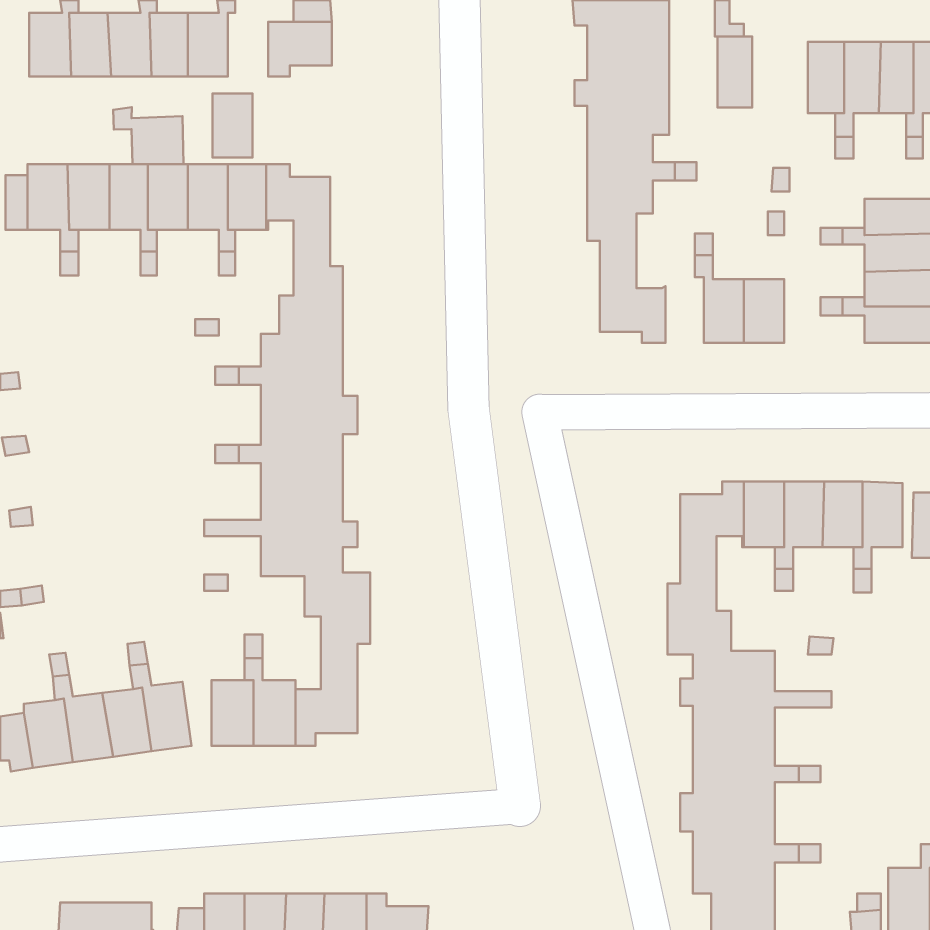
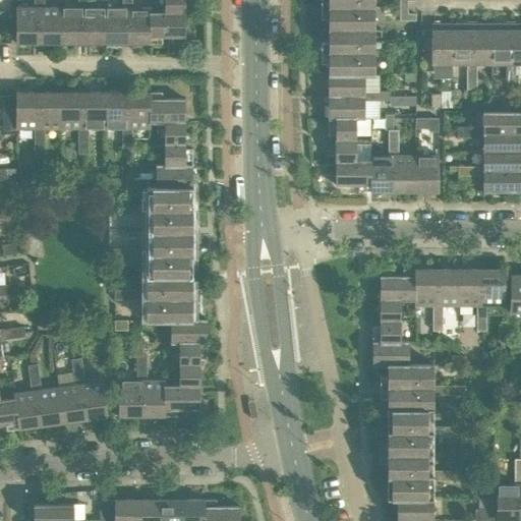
building: [717,36,752,108] -> [432,24,452,64]
building: [212,94,253,157] -> [128,8,151,44]
building: [113,107,184,164] -> none
building: none -> [370,156,394,192]

